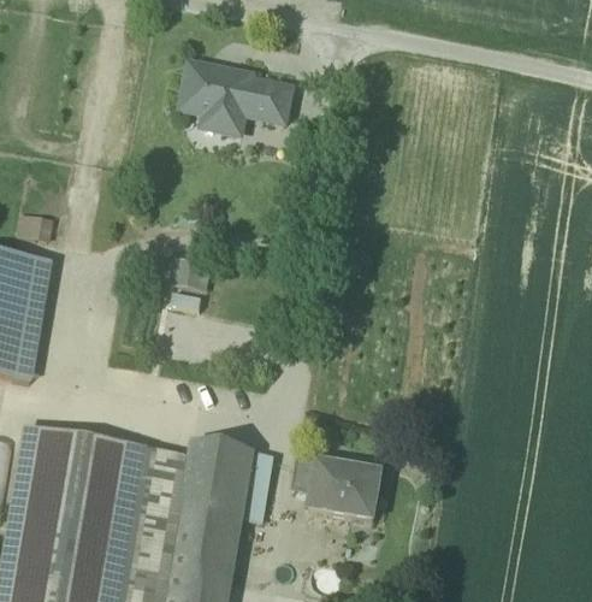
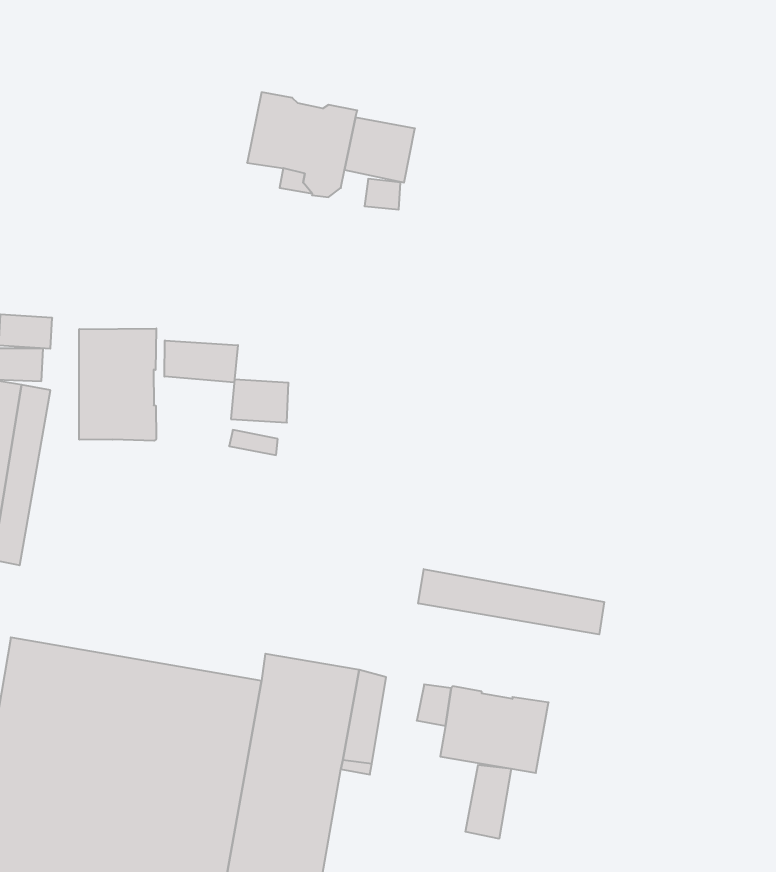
building: none -> [79,328,156,441]
building: none -> [164,340,238,383]
building: none -> [418,569,604,634]
building: none -> [465,765,511,839]

